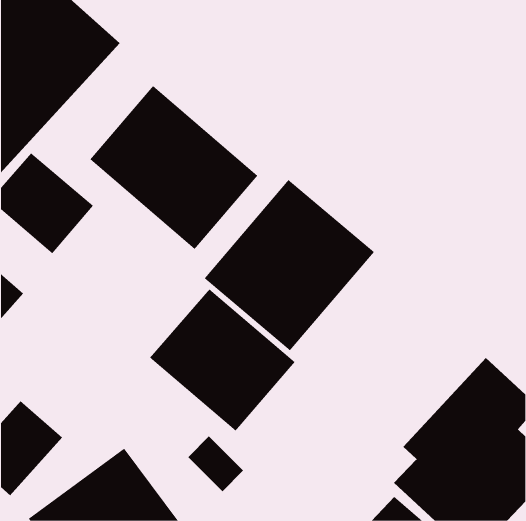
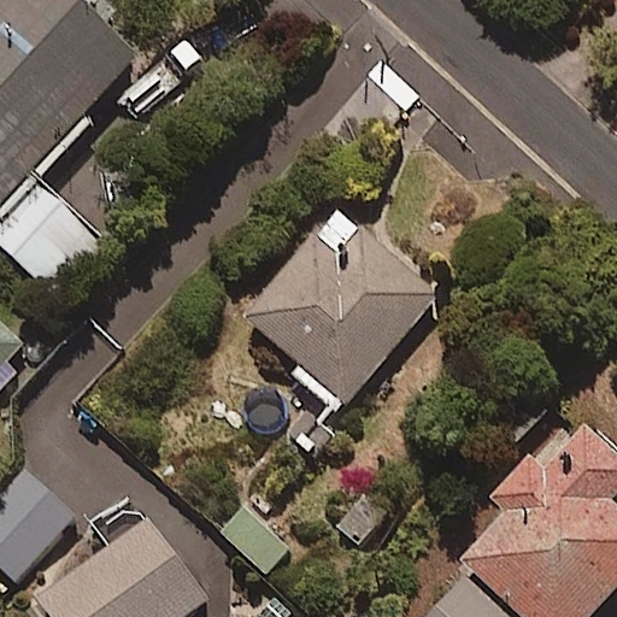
building: [90,85,258,250] -> none
building: [149,288,296,432] -> none

